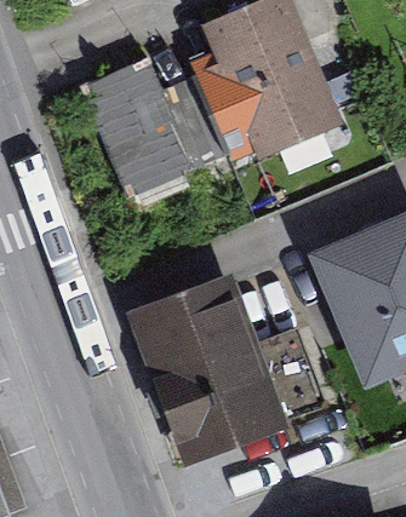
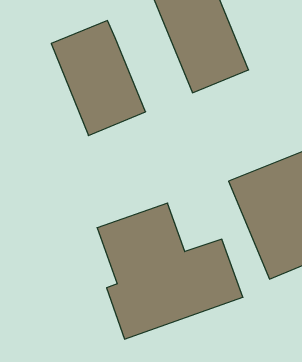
building: [167,50,265,168] -> none

